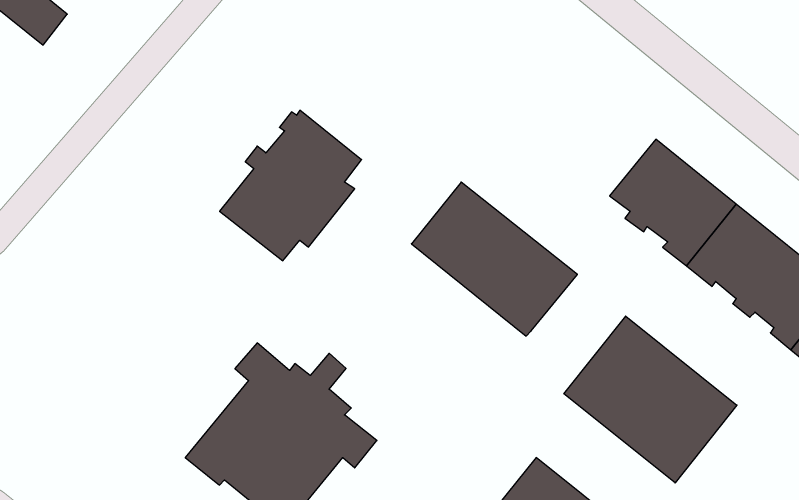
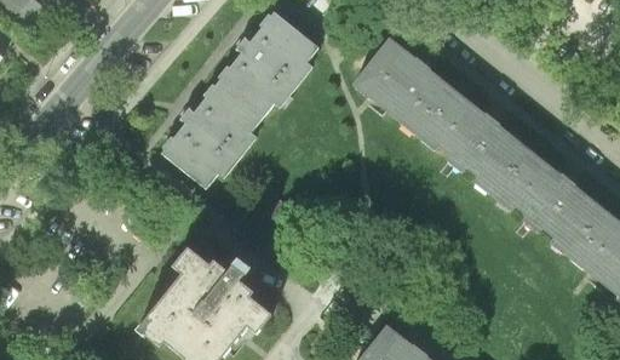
building: none -> [218,10,318,116]
building: [411,182,577,336] -> [352,36,470,145]
building: [564,316,737,483] -> none

